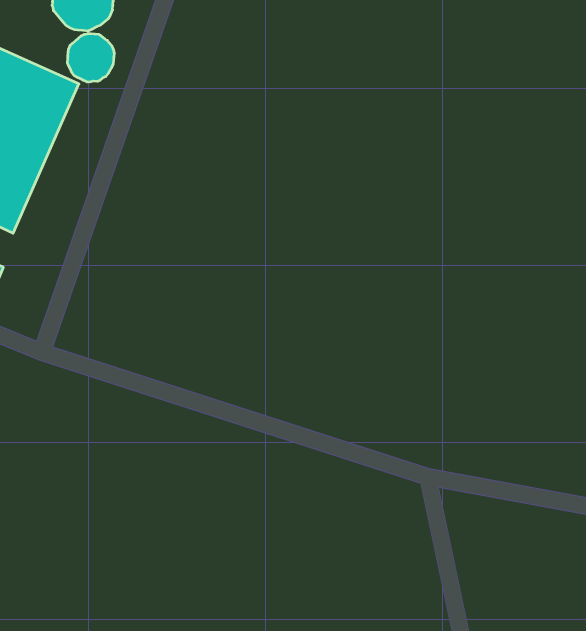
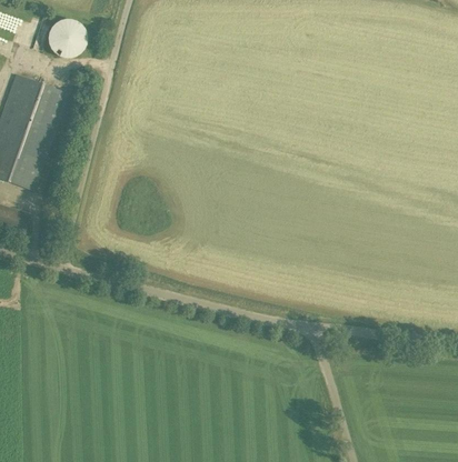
building: [67,33,114,82] -> none

